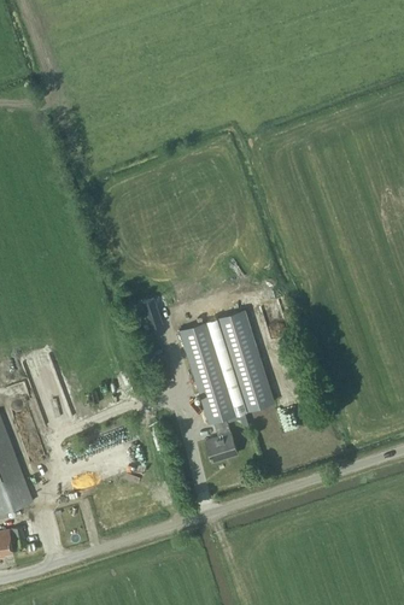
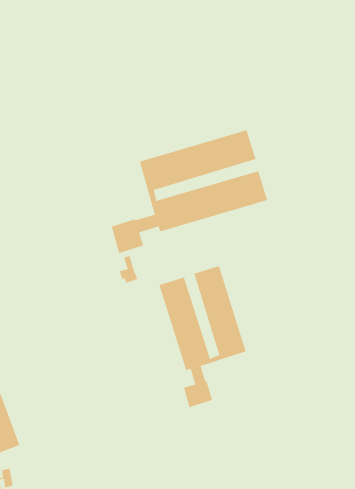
building: none -> [111,130,268,254]

